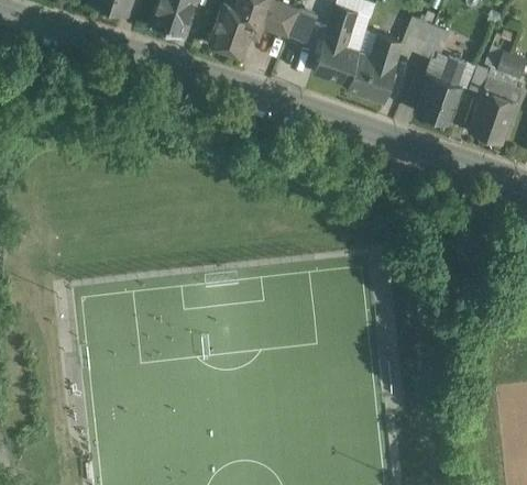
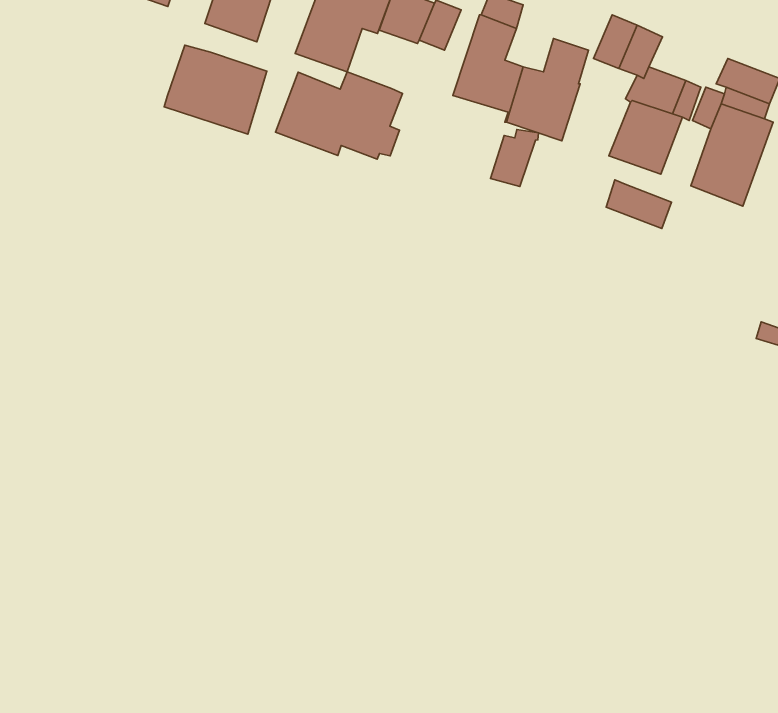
building: none -> [164,45,267,134]
building: none -> [275,72,402,159]
building: none -> [490,130,539,187]
building: none -> [606,180,672,229]

